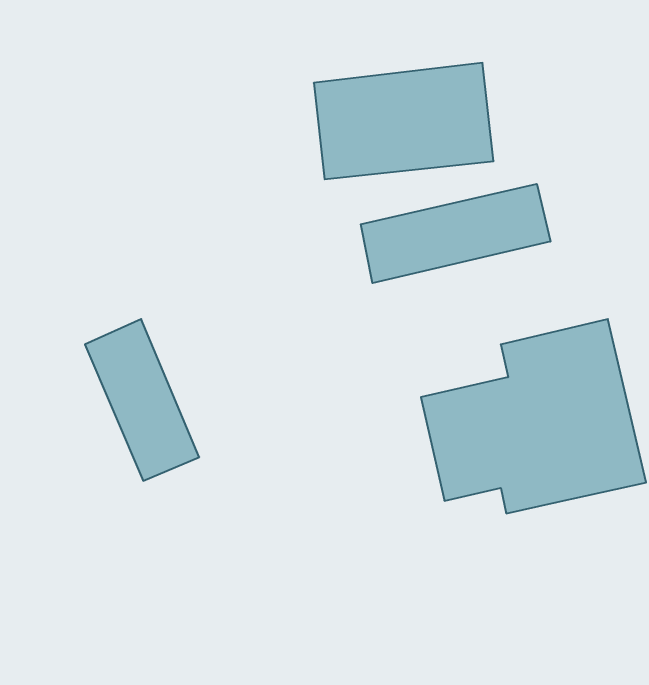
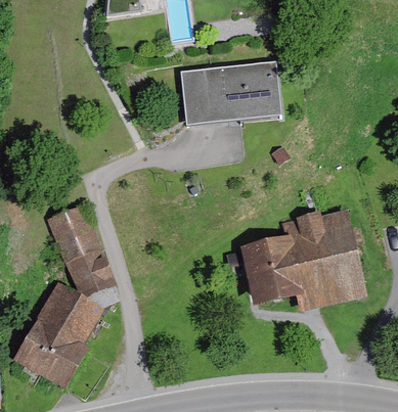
building: [361,184,550,283] -> none
building: none -> [14,282,103,387]

